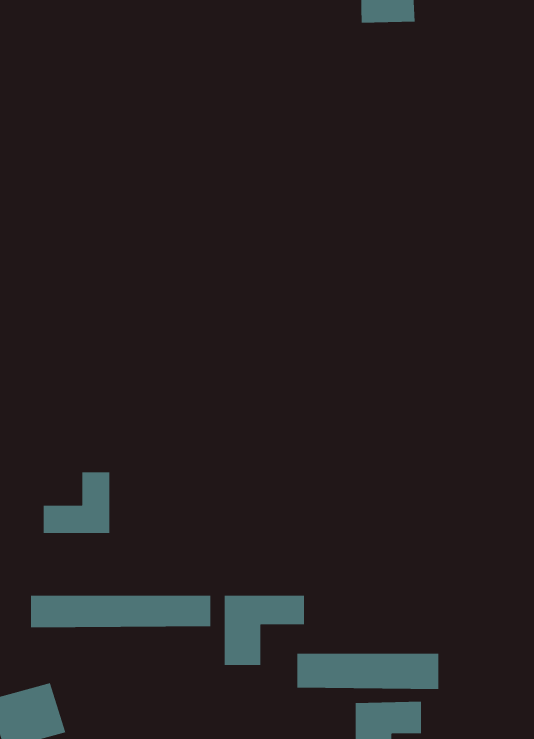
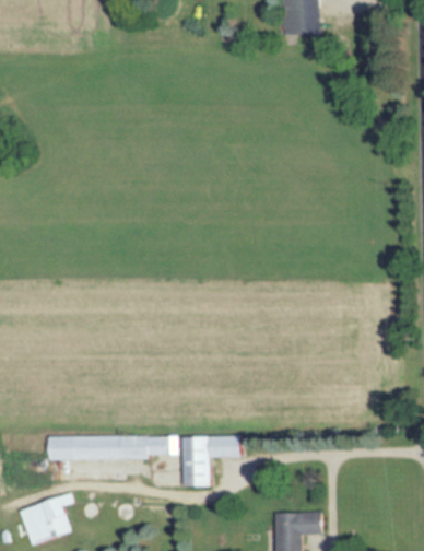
building: [43,471,110,534] -> none
building: [297,653,439,690] -> none

